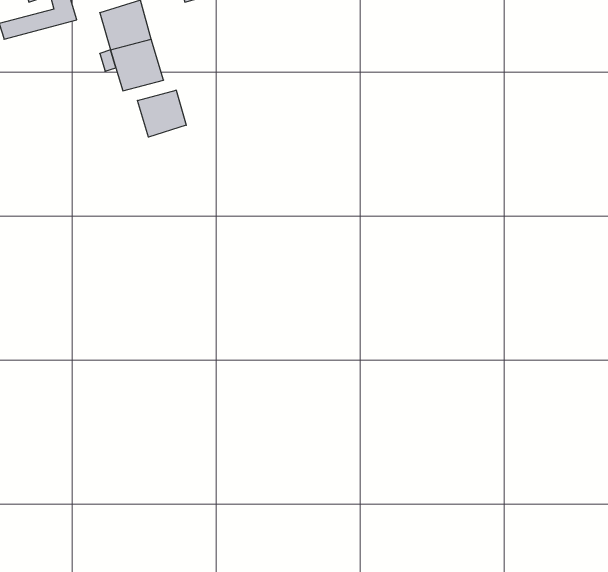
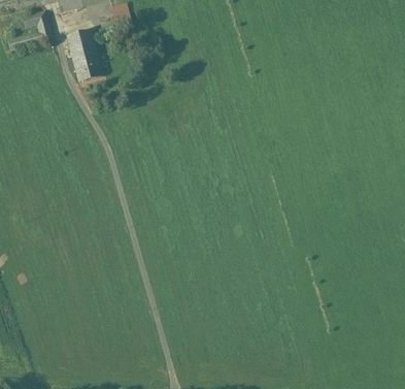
building: [137,90,186,137] -> none

